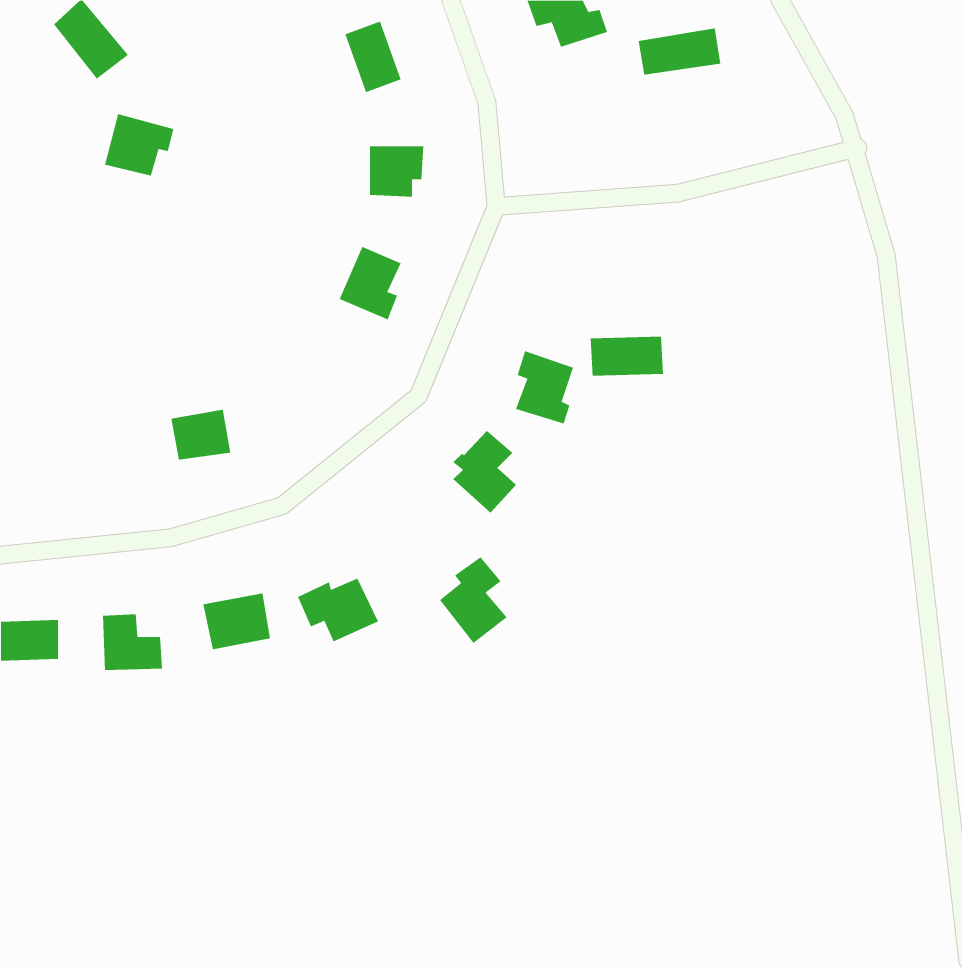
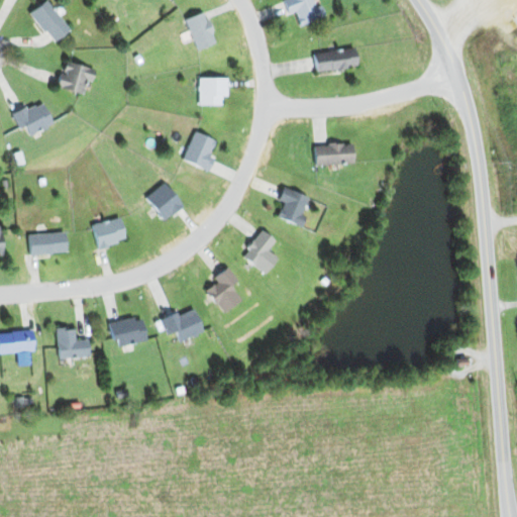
building: [638,28,721,75] -> [314,46,358,72]
building: none -> [12,102,55,136]
building: [590,336,664,376] -> [315,143,354,165]
building: none -> [146,182,184,221]
building: none -> [30,232,68,254]
building: [439,557,507,644] -> [206,267,242,313]

